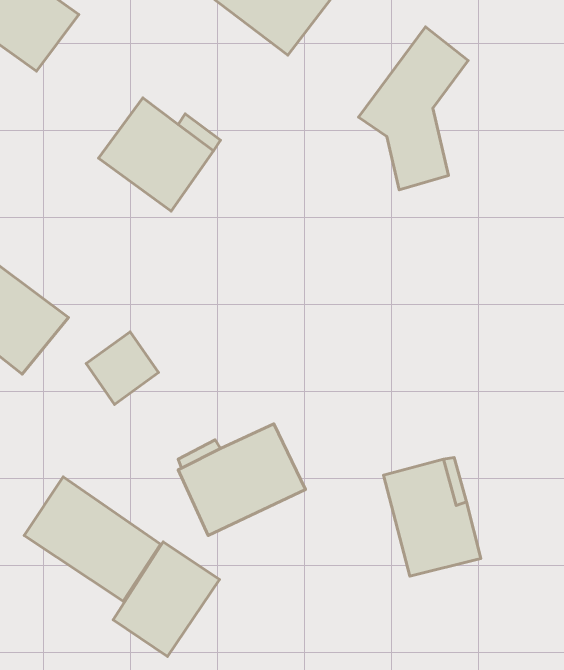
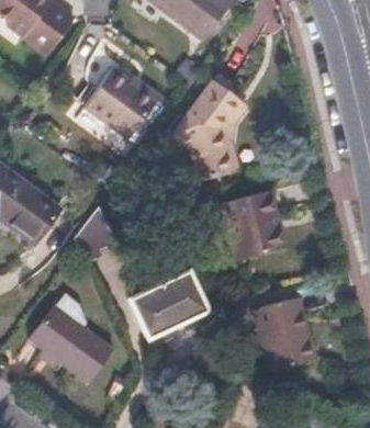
building: [358,27,468,190] -> [173,78,242,179]
building: none -> [224,191,287,257]
building: [113,542,219,657] -> none

